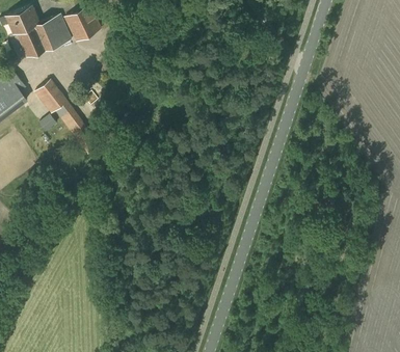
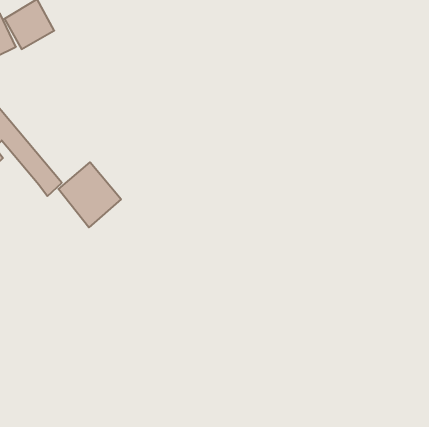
building: none -> [58,162,121,227]

